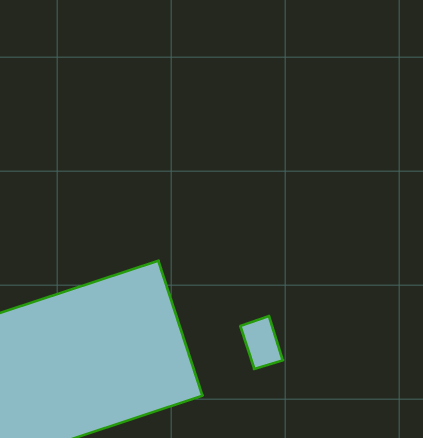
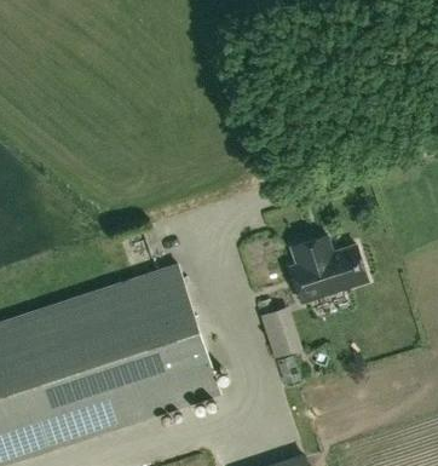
building: none -> [282,243,363,311]

